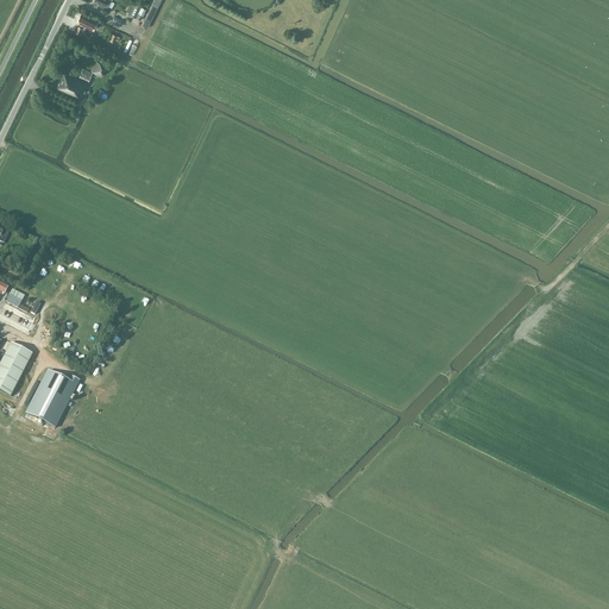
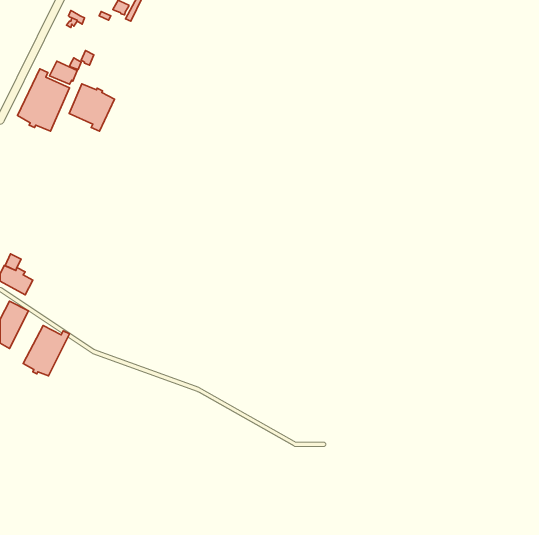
building: none -> [18,69,69,131]
building: none -> [69,84,115,131]

